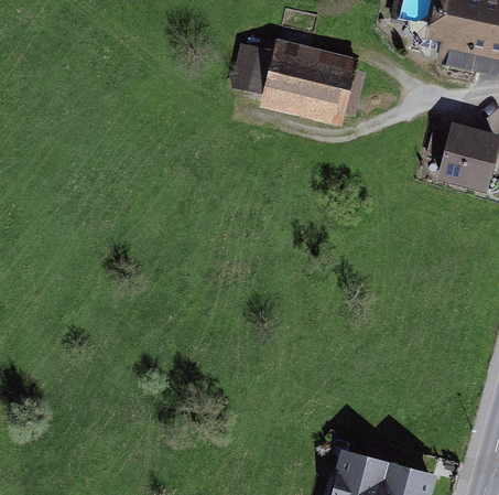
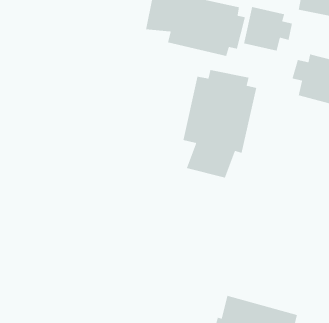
building: none -> [243,6,293,51]
building: none -> [182,69,257,179]

